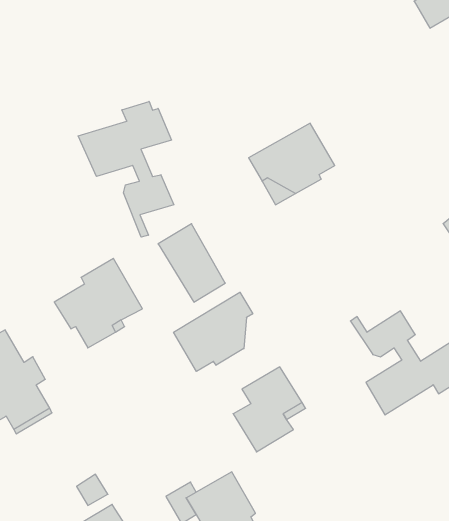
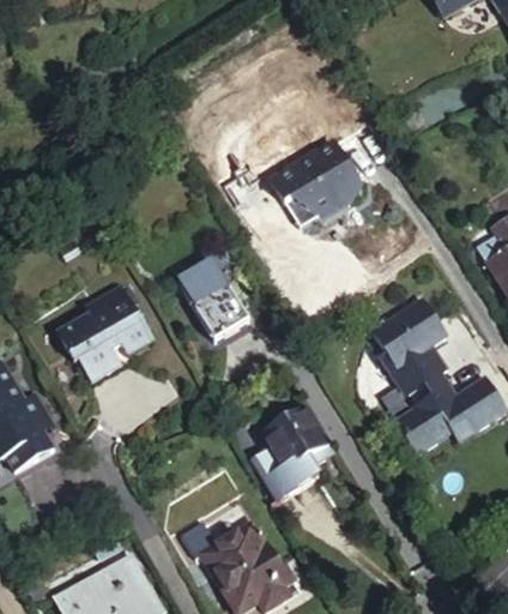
building: [78,101,174,237] -> none
building: none -> [374,300,448,367]
building: [174,292,253,371] -> none

